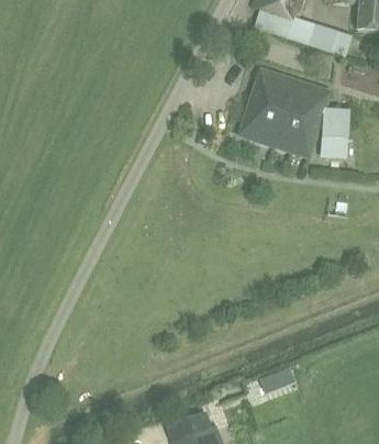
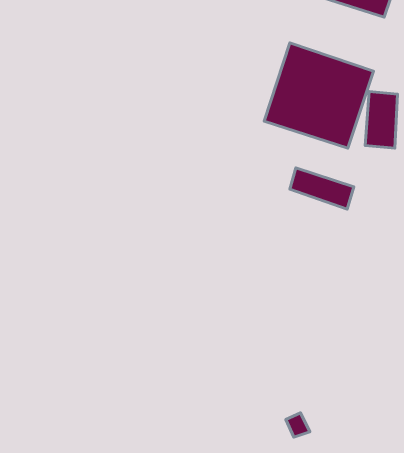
building: none -> [290,168,354,209]

